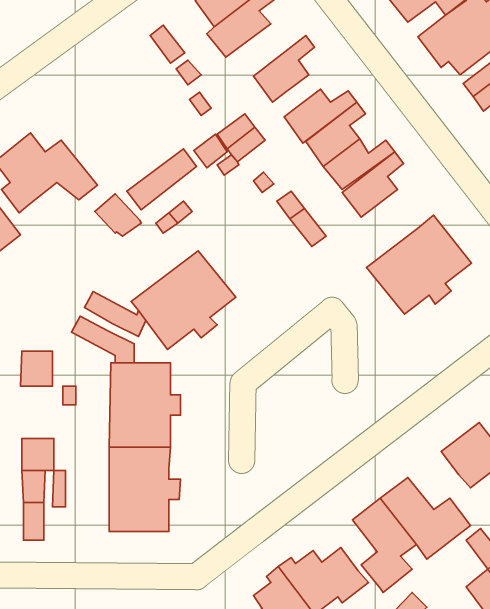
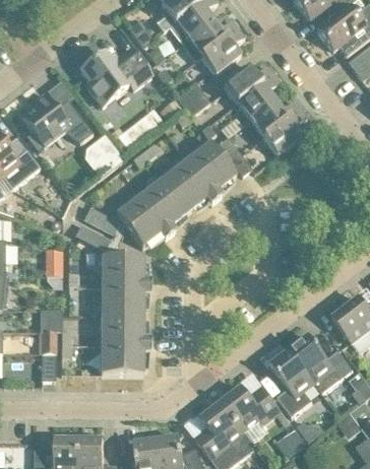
building: none -> [182,19,238,60]
building: none -> [80,47,150,105]
building: [367,215,471,314] -> [163,141,236,210]

